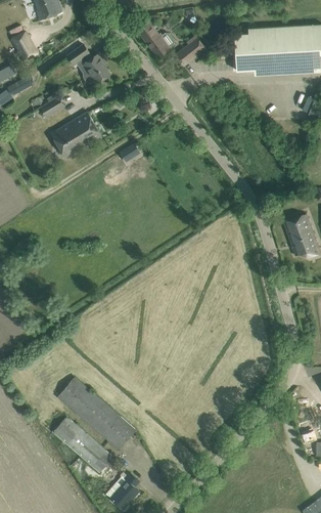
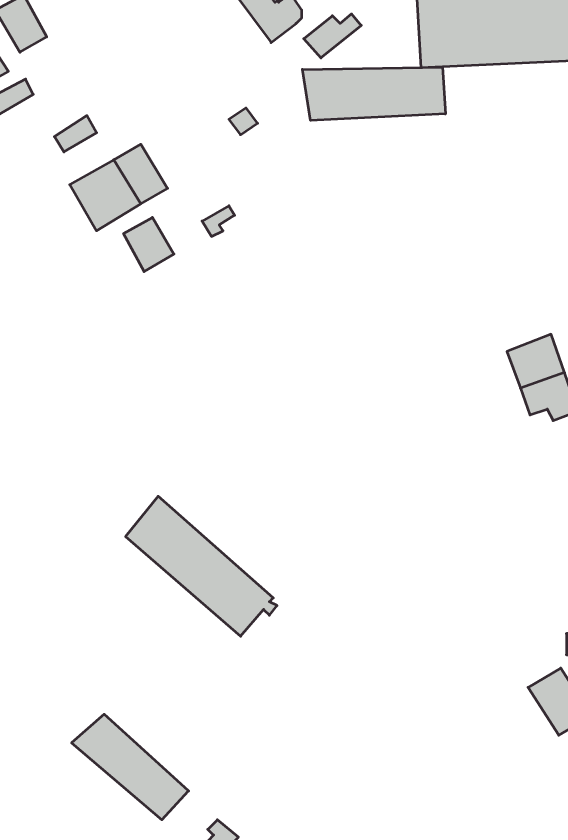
building: [66,44,109,84] -> none
building: none -> [302,67,445,120]
building: none -> [124,217,174,272]
building: [56,376,137,451] -> [126,496,277,636]

